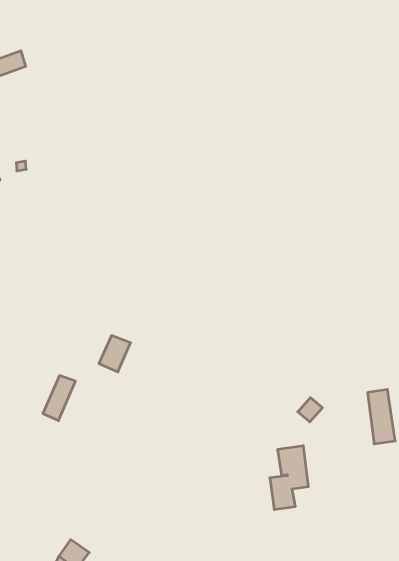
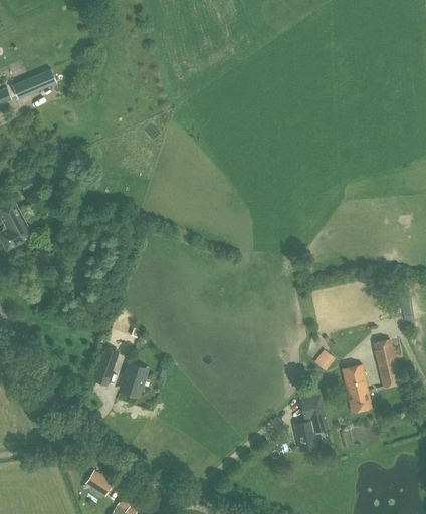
building: [99,336,131,372] -> [120,364,146,396]
building: none -> [342,364,371,412]
building: none -> [85,470,114,496]

